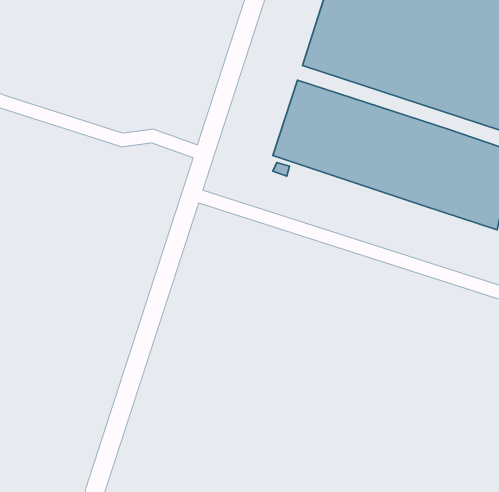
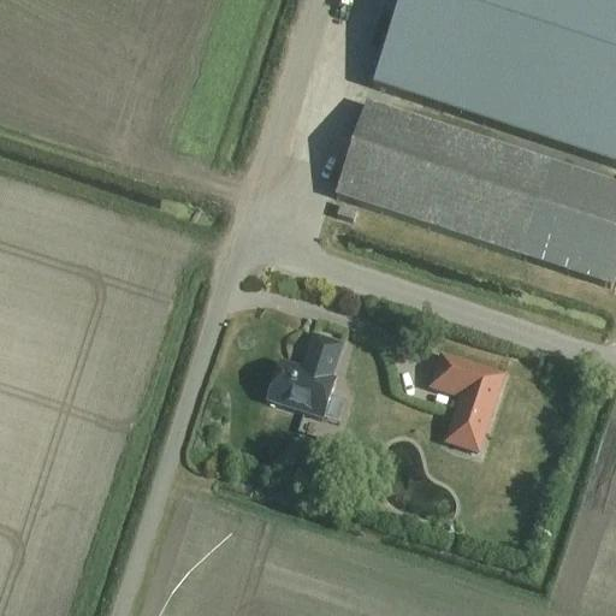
building: none -> [267,330,343,415]
building: none -> [430,348,507,449]

